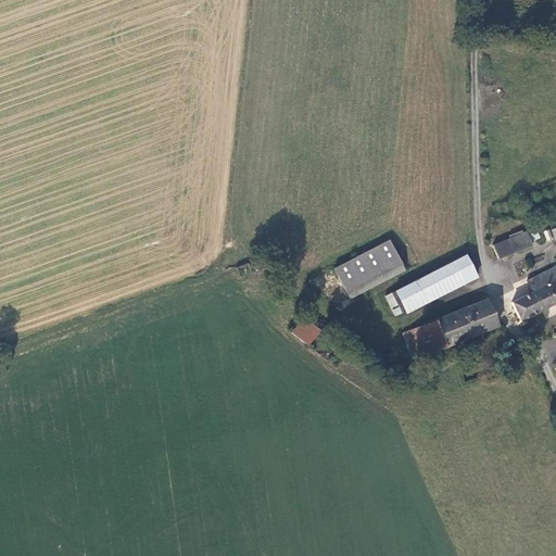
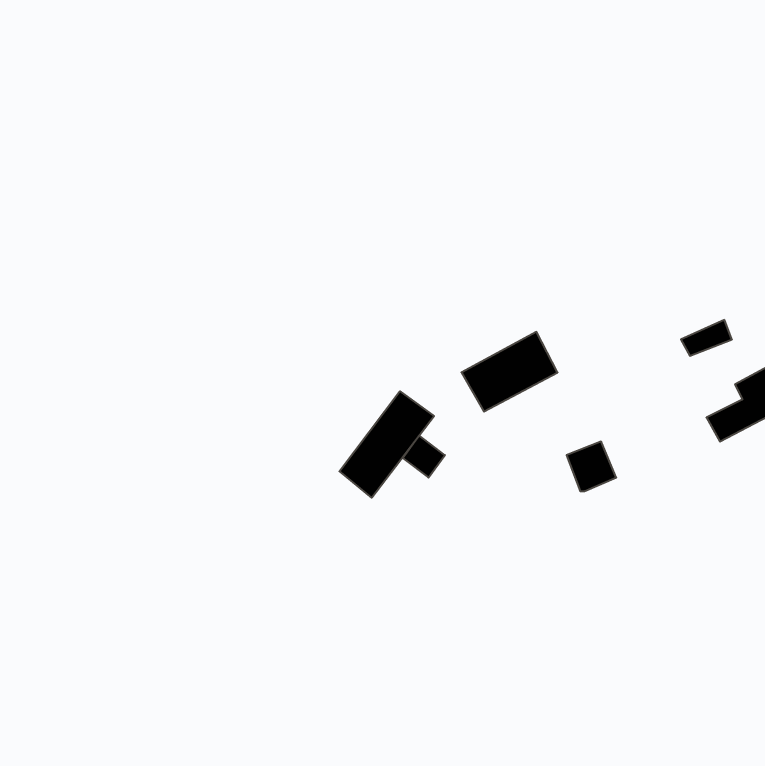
building: [396,255,473,307] -> none
building: none -> [339,391,434,498]
building: [437,299,498,345] -> none

